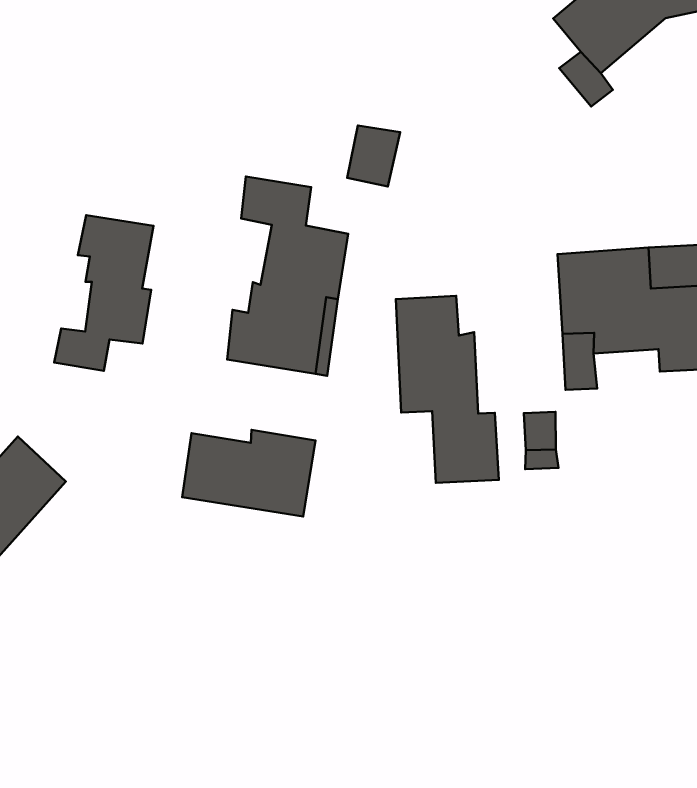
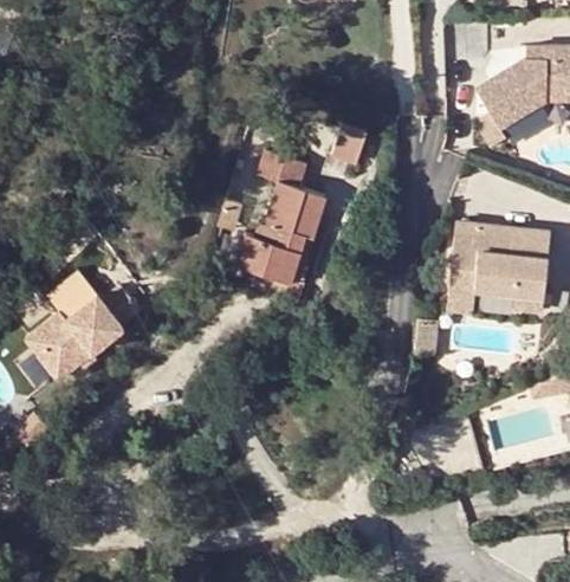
building: [54,215,154,371] -> none
building: [396,296,499,483] -> none
building: [182,430,316,517] -> none

